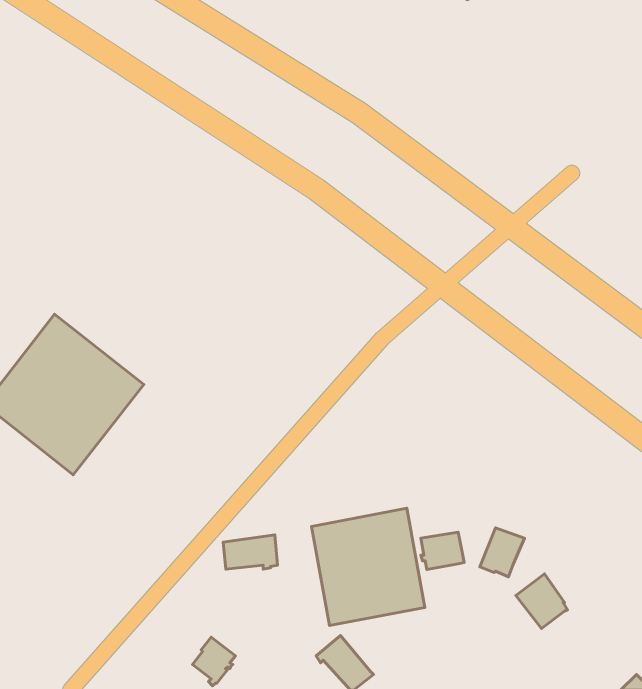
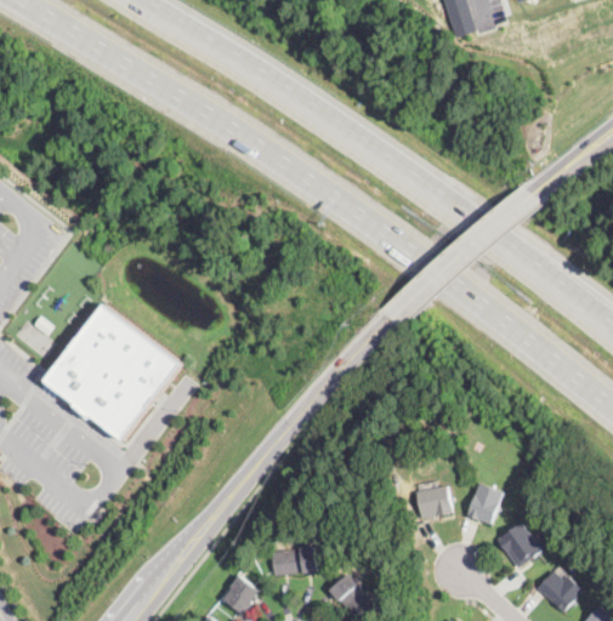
building: [312,508,425,626] -> none
building: [223,535,278,569] -> [269,546,316,575]
building: none -> [535,571,581,611]

